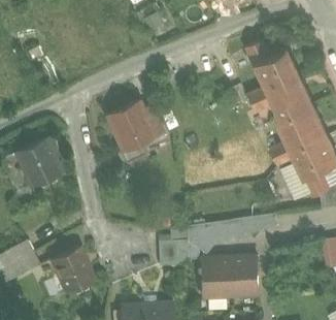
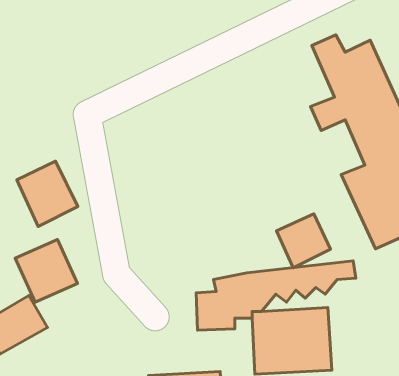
building: [101,99,164,155] -> none
building: none -> [277,214,330,268]
building: [46,245,95,293] -> [15,239,78,302]

